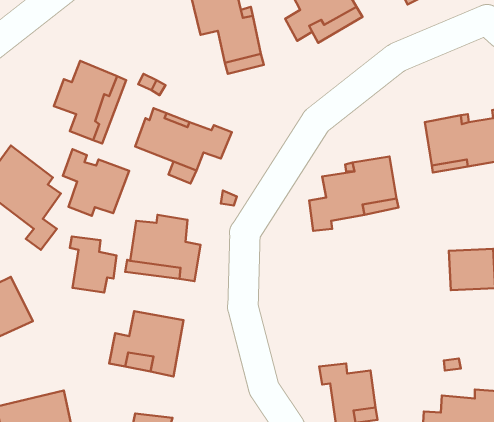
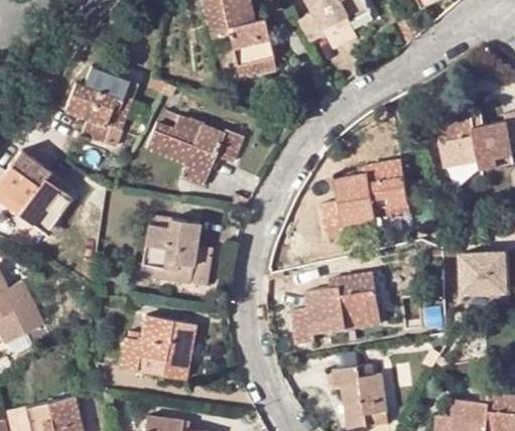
building: [63,149,129,216] -> none
building: [70,237,116,293] -> none
building: none -> [292,273,382,345]

